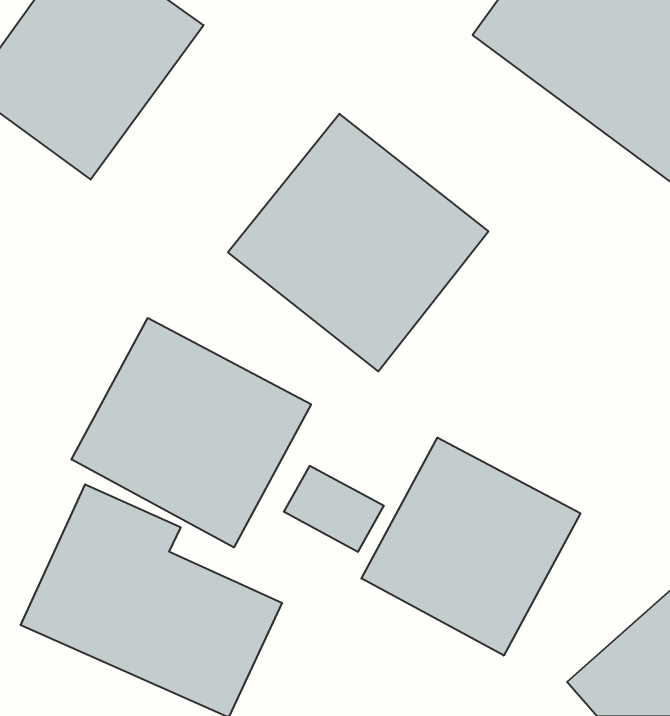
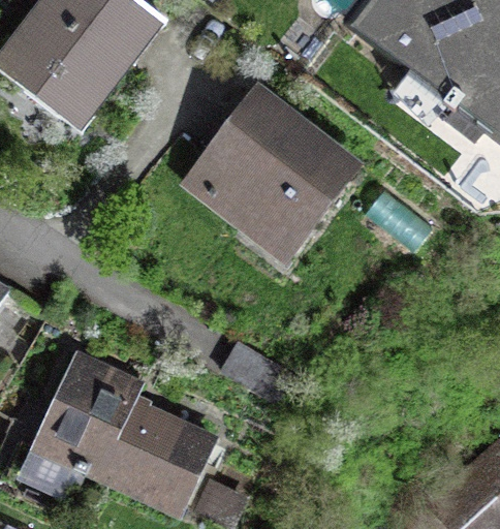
building: [71,318,311,547] -> none
building: [361,438,580,656] -> none

